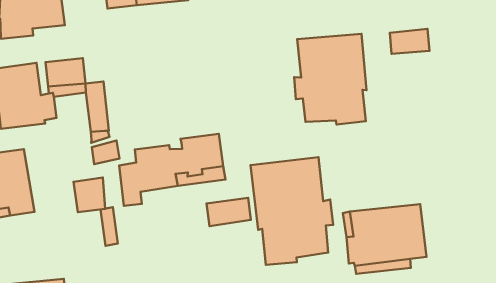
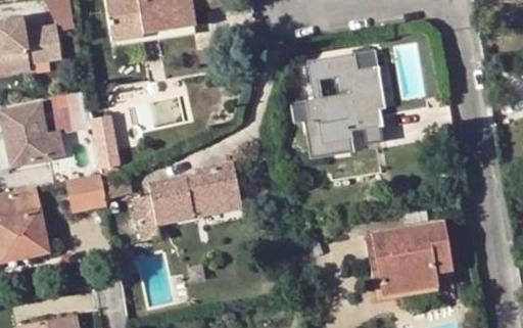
building: [390,29,429,54] -> none
building: [251,157,333,265] -> none
building: [74,178,105,212] -> [67,175,101,212]
building: [206,198,251,226] -> none

